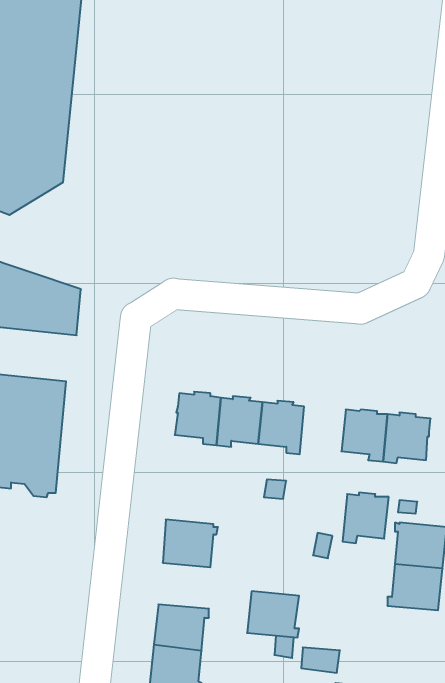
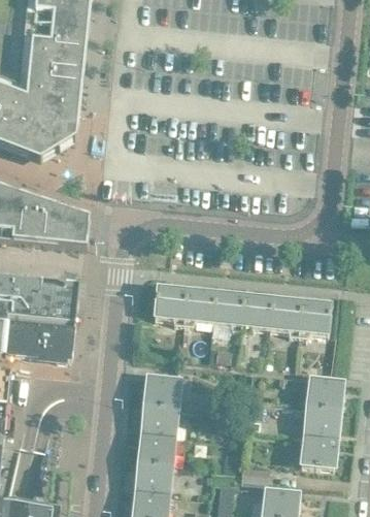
building: [343,493,389,543] -> [239,294,271,329]
building: [247,591,299,637] -> [141,403,177,435]
building: none -> [299,433,335,466]

